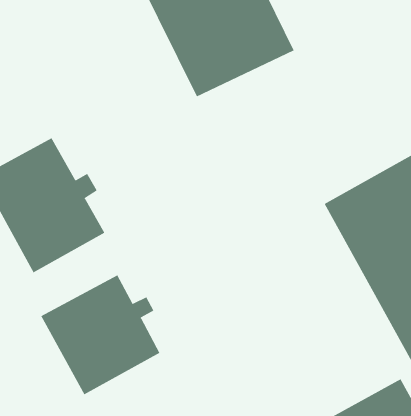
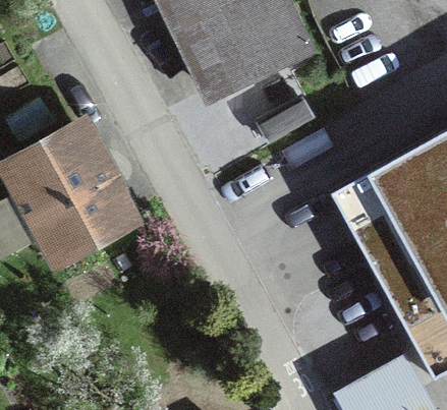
building: [41,274,160,395] -> none

